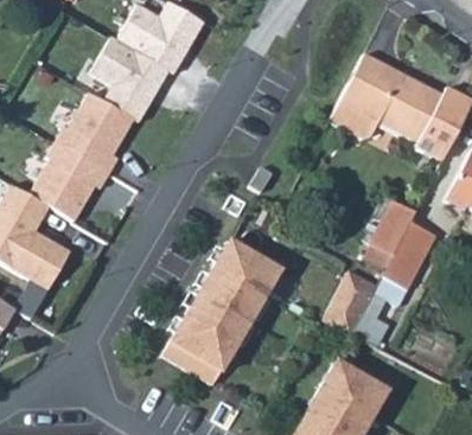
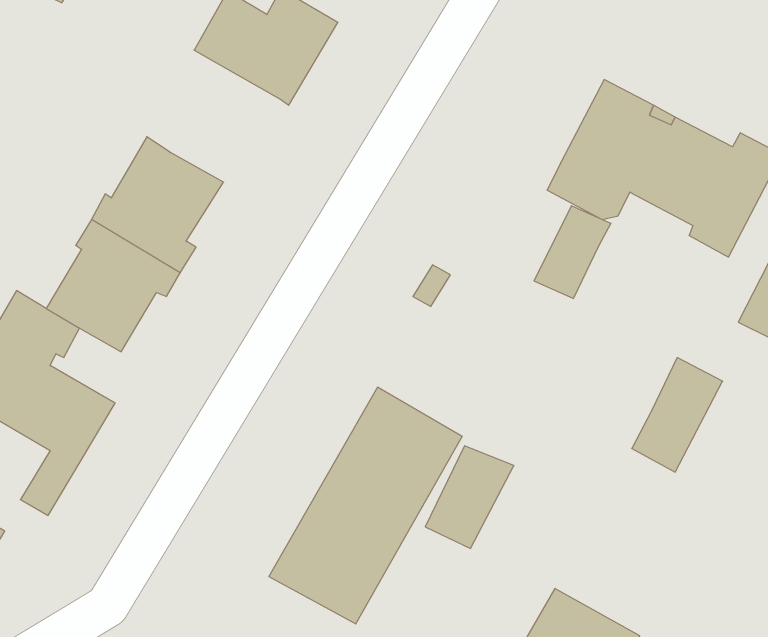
building: [93,34,171,120] -> none
building: [370,199,416,255] -> [534,206,611,298]
building: [325,274,378,335] -> [425,446,514,548]

